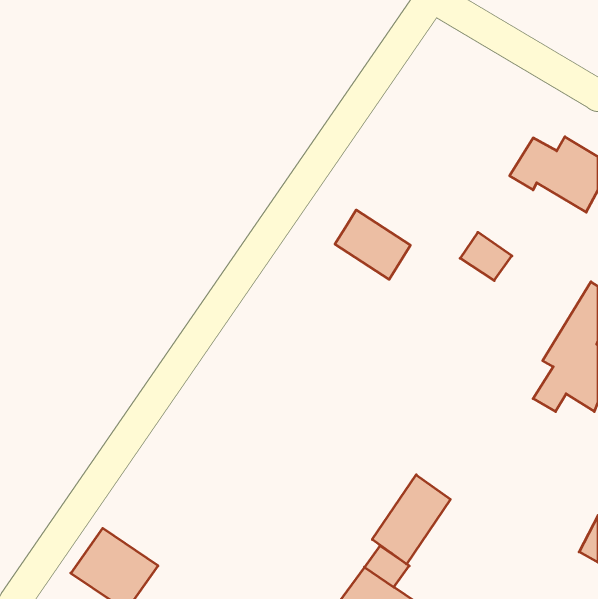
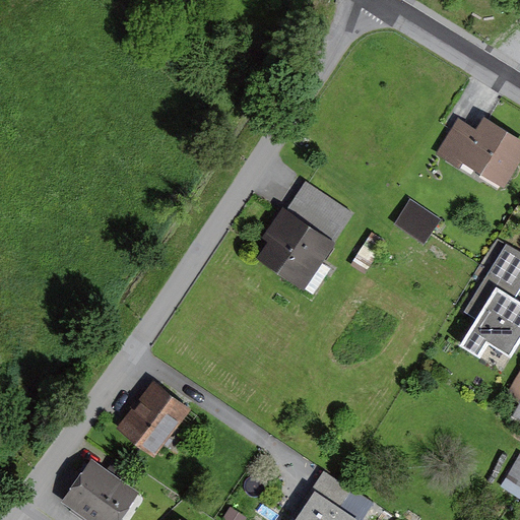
building: none -> [259,210,335,288]
building: none -> [121,383,188,453]
building: [372,475,450,564] -> none

